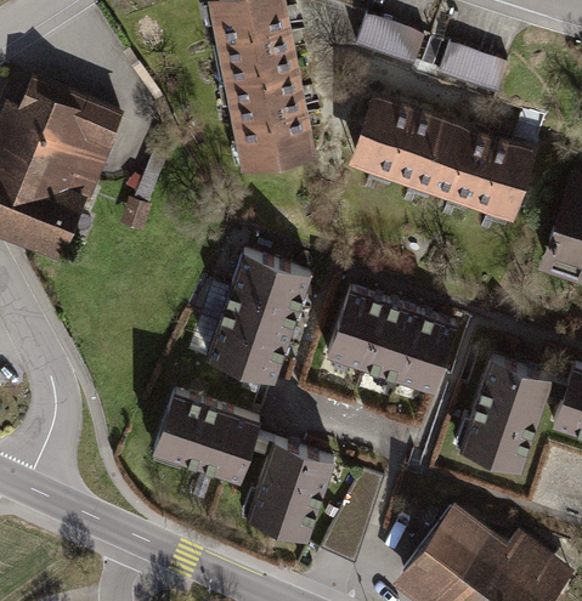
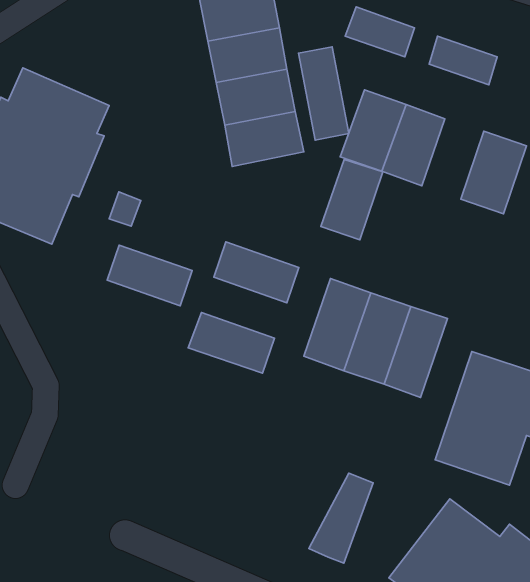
building: none -> [299,47,349,140]
building: [433,125,495,205] -> [321,160,383,240]
building: [213,283,298,344] -> [107,245,192,306]
building: [152,393,335,540] -> none

